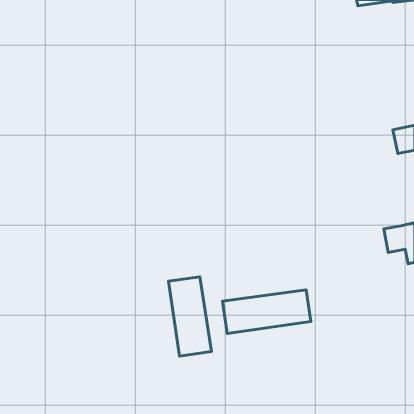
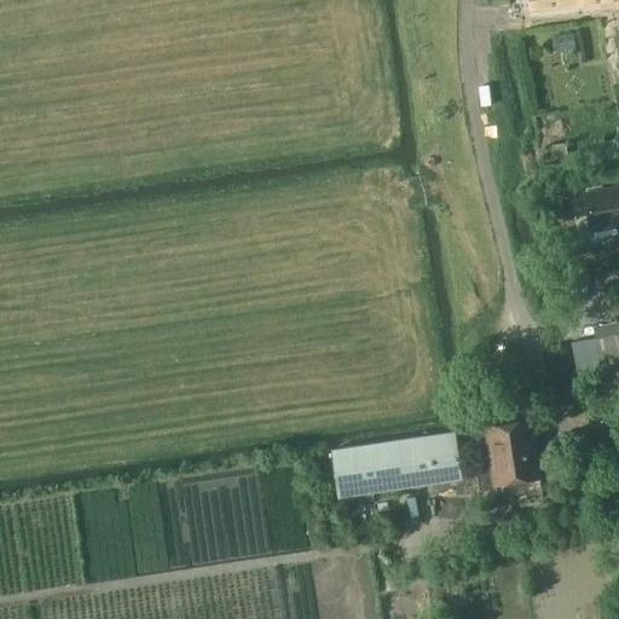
building: [169,277,212,356] -> none
building: none -> [469,415,542,491]

